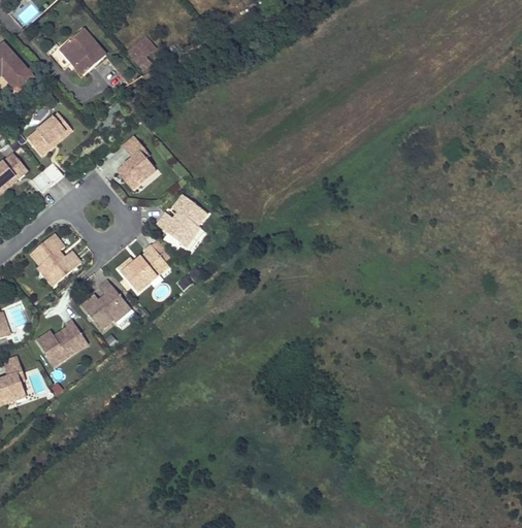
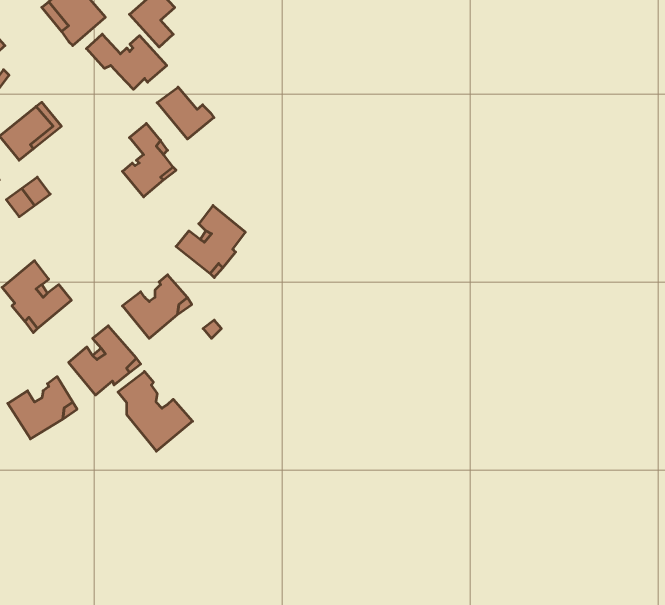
building: none -> [86,34,167,89]
building: none -> [157,87,214,139]
building: none -> [118,371,193,451]

